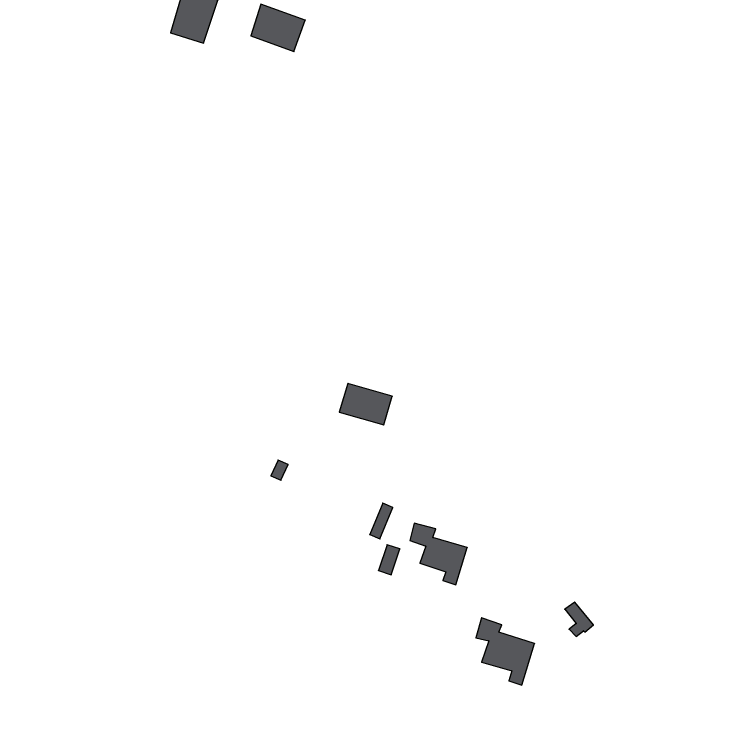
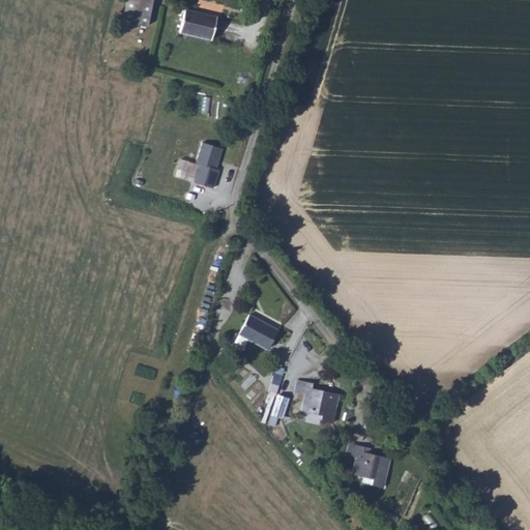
building: none -> [195,135,223,180]
building: [339,383,392,425] -> [242,320,281,350]

